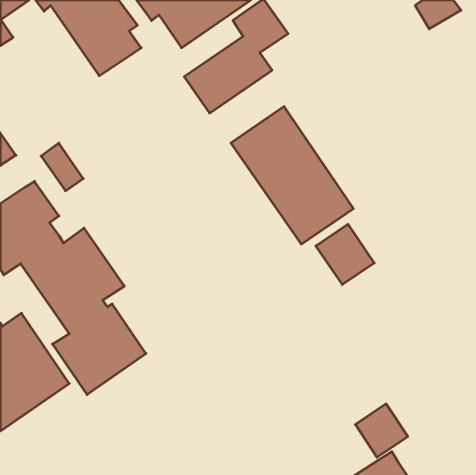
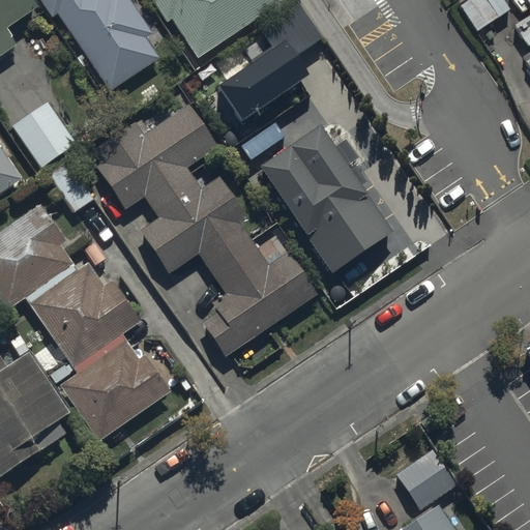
building: none -> [12,99,75,164]
building: none -> [91,102,315,354]
building: [316,224,374,285] -> none

